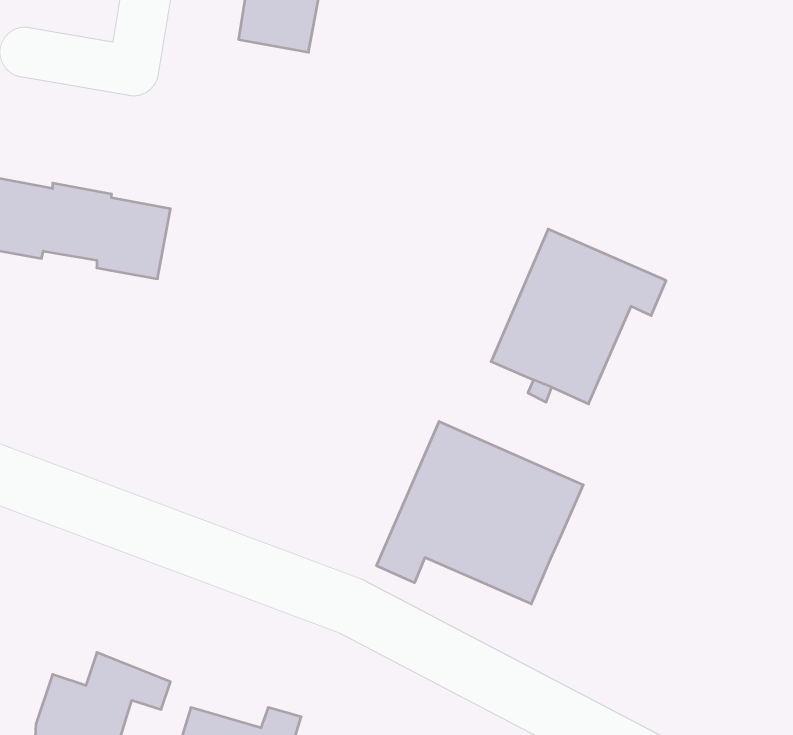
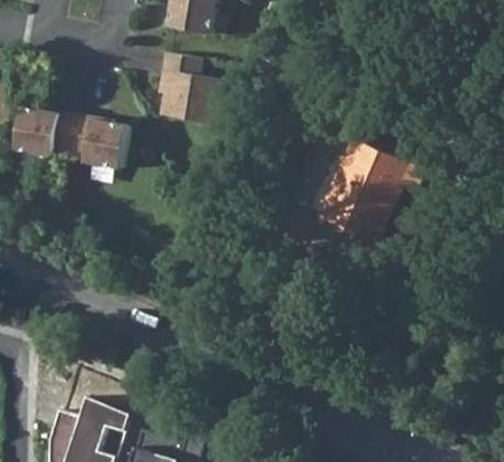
building: none -> [159,53,217,125]
building: [377,421,583,604] -> none

